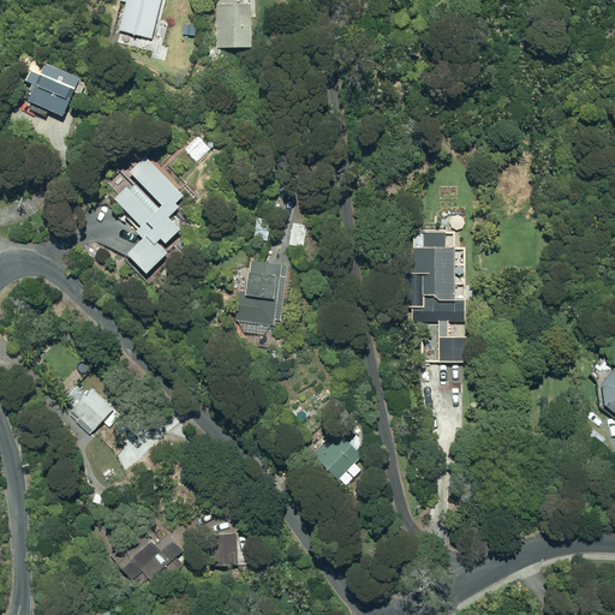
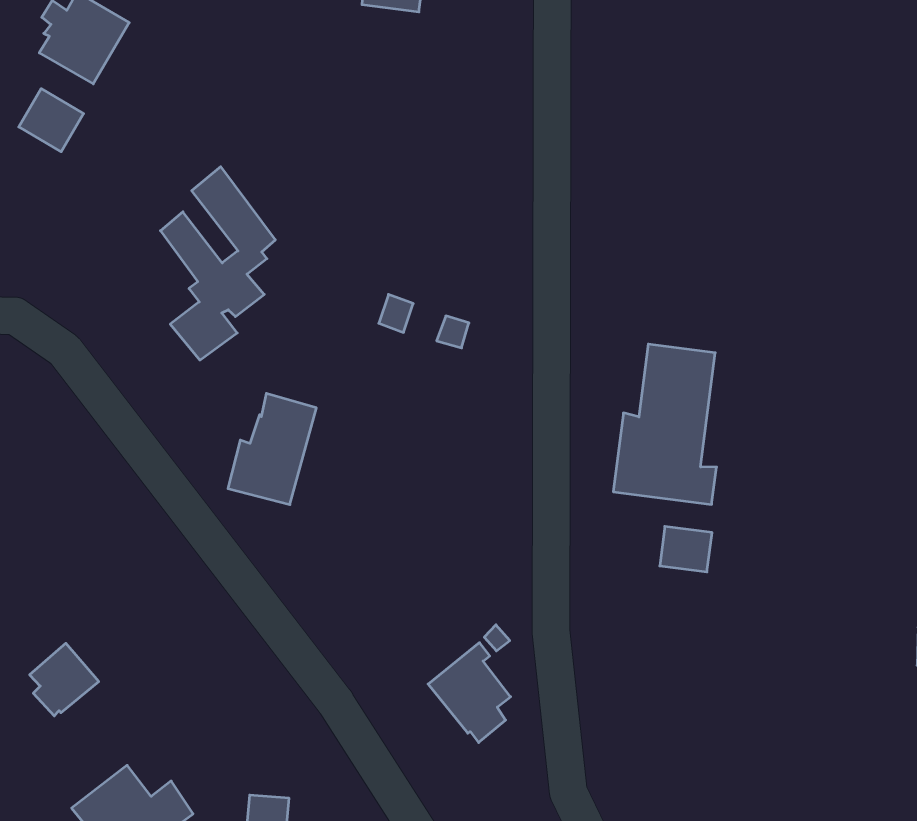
building: none -> [19,89,84,152]
building: [235,259,282,324] -> [228,393,316,505]
building: [72,389,114,434] -> [30,643,99,716]

